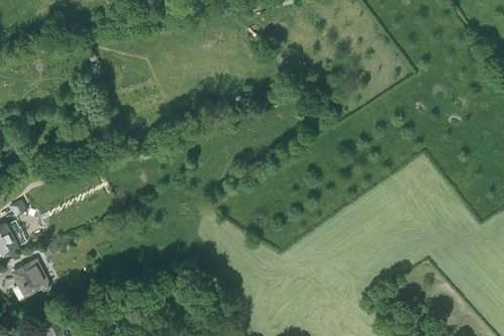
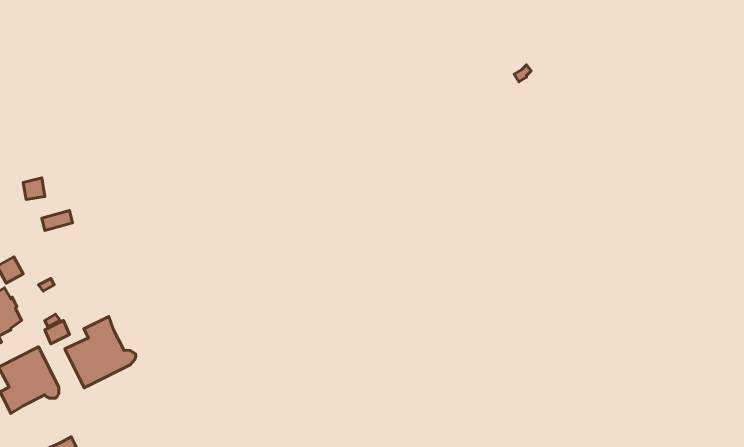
building: none -> [65,316,136,388]

